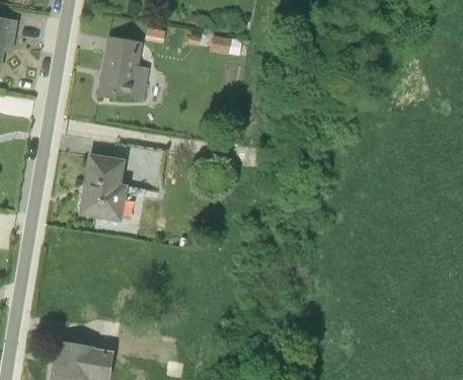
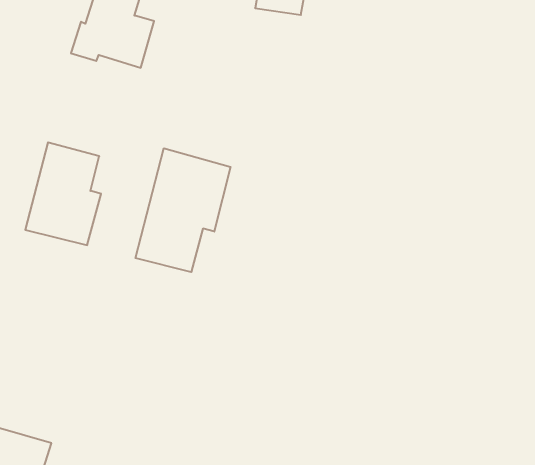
building: none -> [135,148,231,272]

